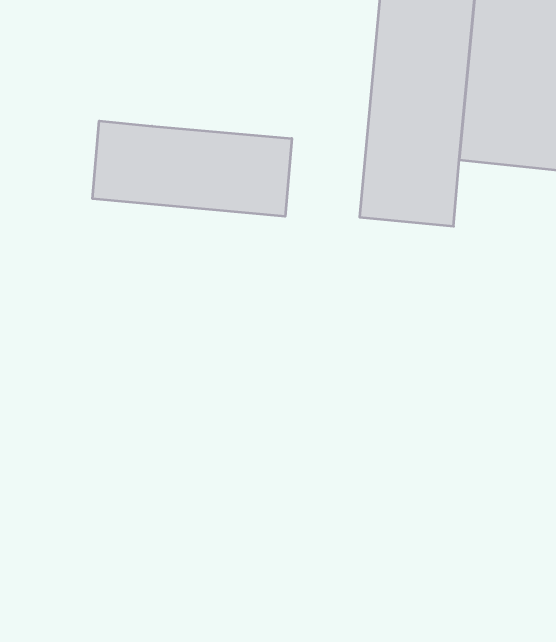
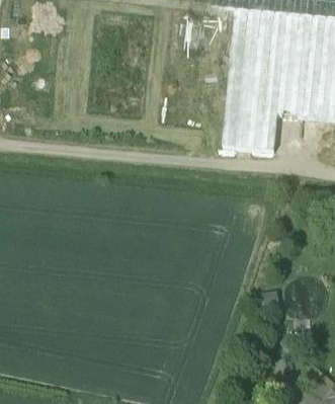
building: [93,121,292,216] -> none

